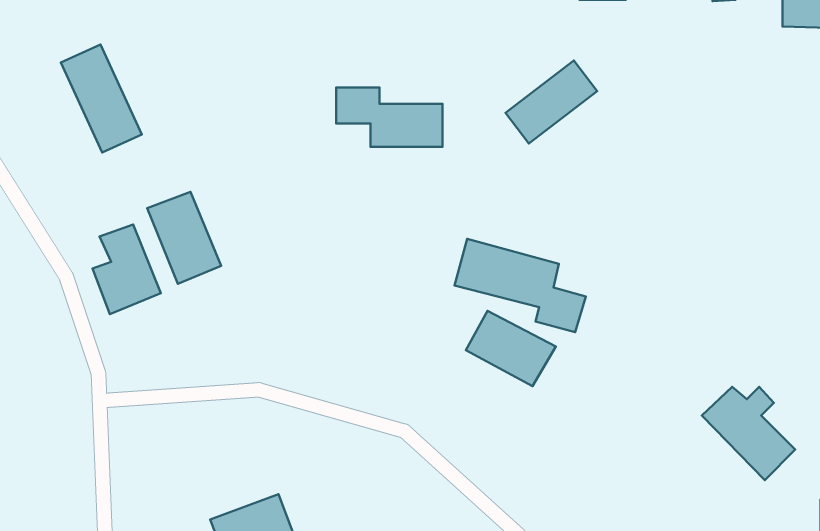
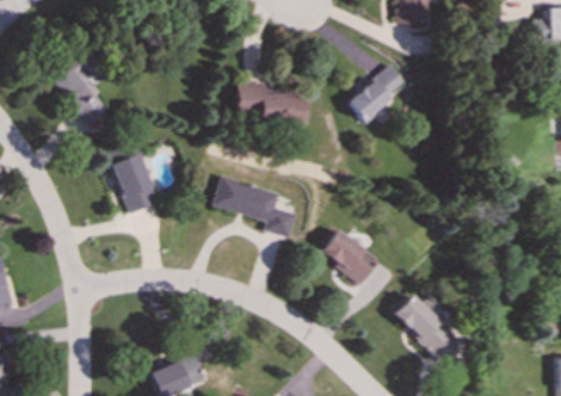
building: [93,224,161,314] -> none
building: [455,239,586,332] -> [212,175,300,237]
building: [702,387,795,480] -> [393,295,455,357]

